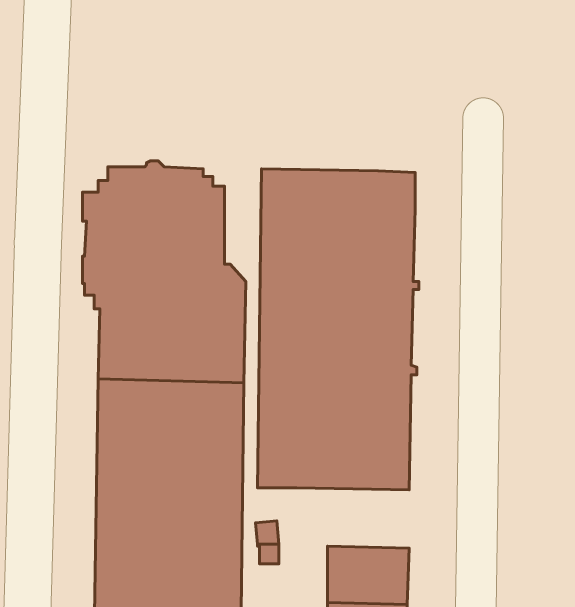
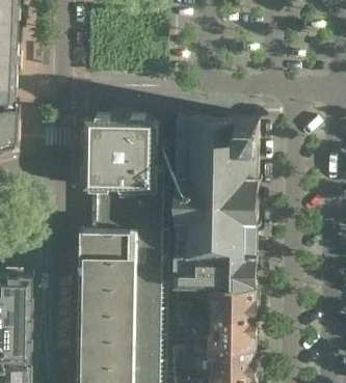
building: none -> [194,286,255,319]

